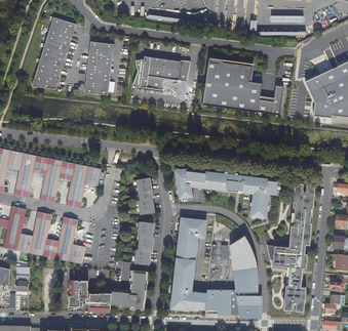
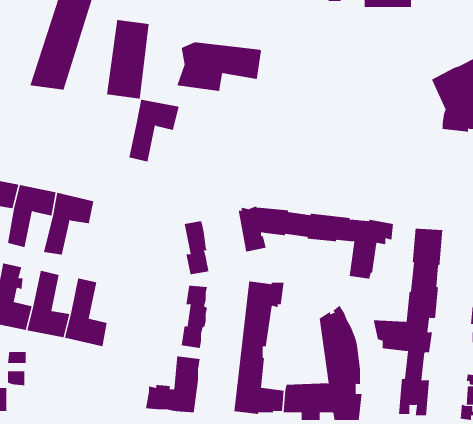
building: [202,57,283,115] -> none
building: [67,165,102,208] -> [129,99,179,162]
building: [68,282,112,312] -> none

